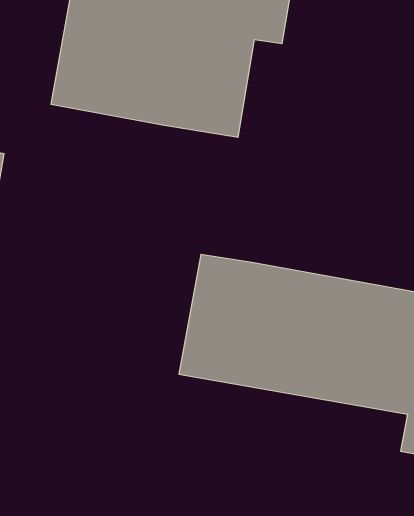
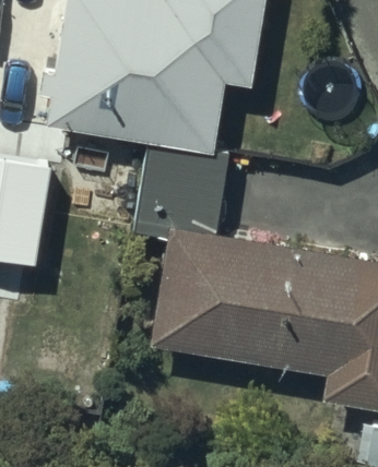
building: none -> [128,131,226,247]

